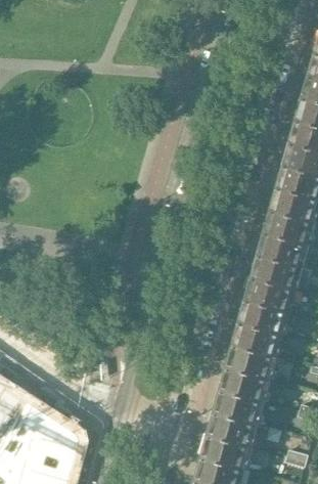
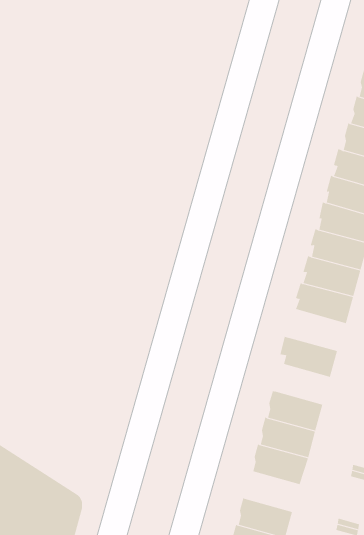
building: [247,276,297,311] -> none
building: [236,322,283,356] -> none
building: [212,411,258,446] -> none

